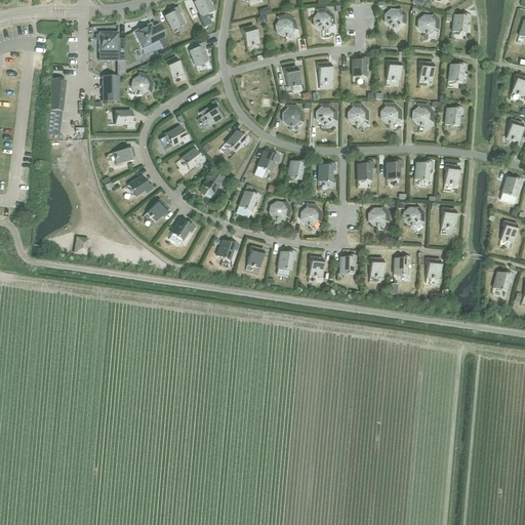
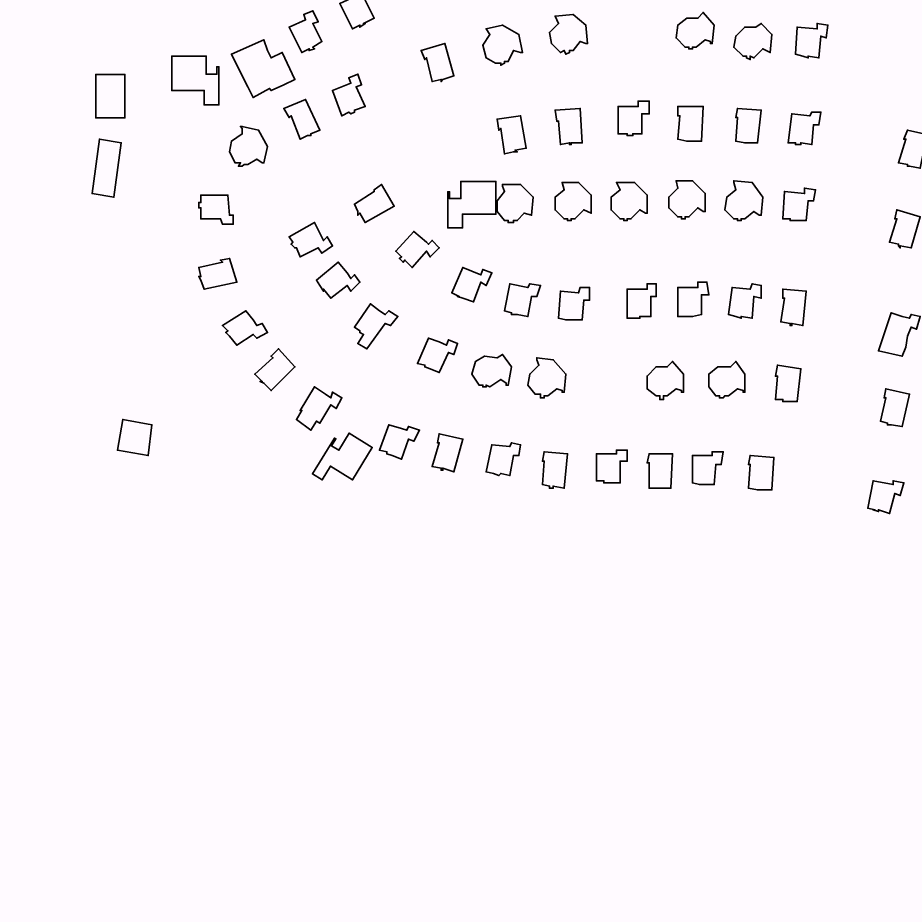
building: [102,76,118,100] -> [96,75,125,118]
building: none -> [448,181,496,228]
building: none -> [313,433,372,480]

